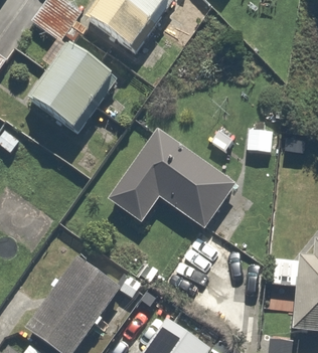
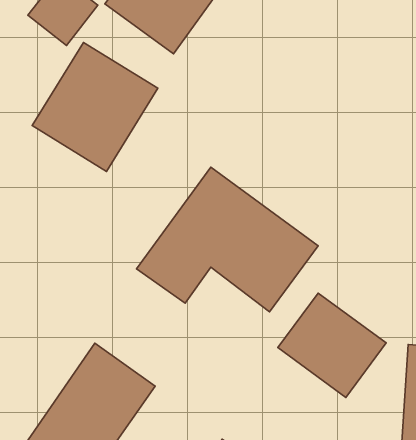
building: none -> [278,293,386,397]

